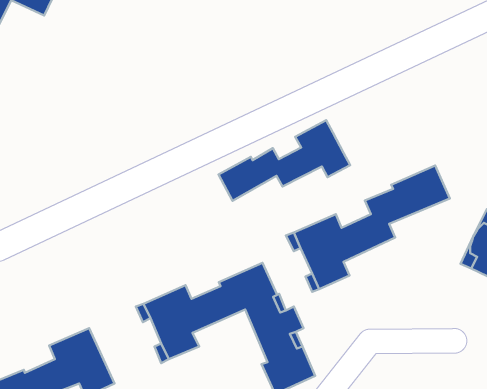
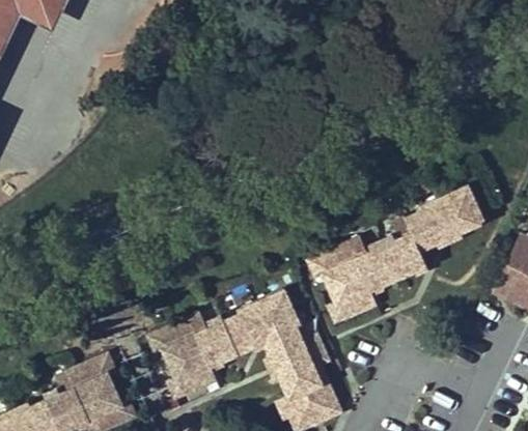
building: [218,120,350,201] -> none

